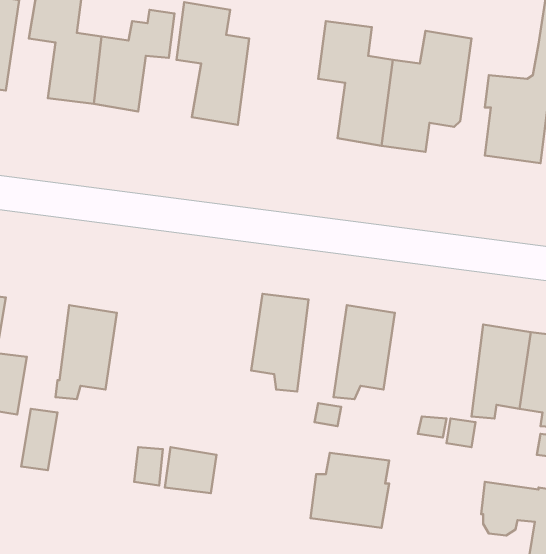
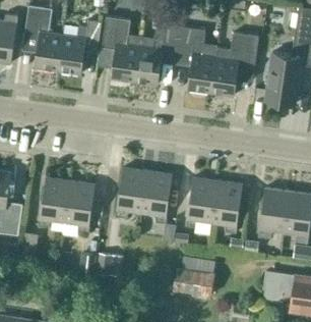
building: none -> [134,22,181,85]
building: none -> [115,168,147,218]
building: none -> [64,181,95,233]
building: none -> [211,181,242,233]

